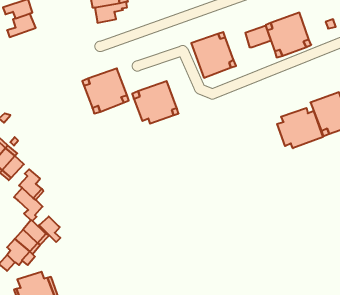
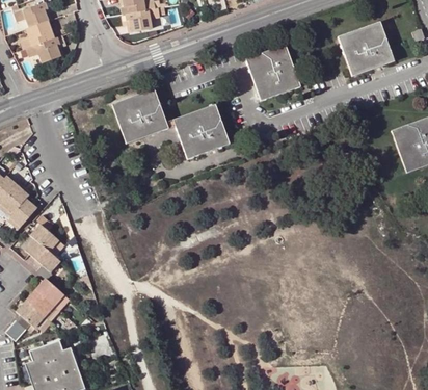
building: [245,25,271,47] -> none
building: none -> [18,40,60,66]
building: [277,108,323,148] -> none
building: [39,216,60,242] -> none

